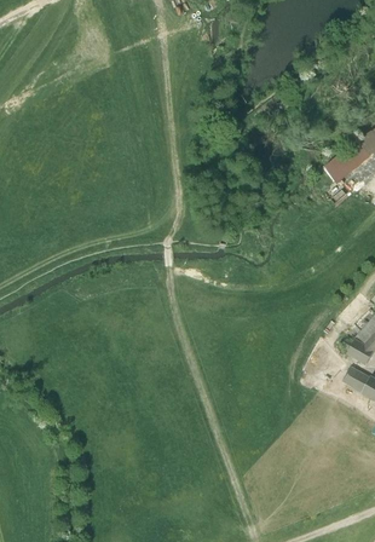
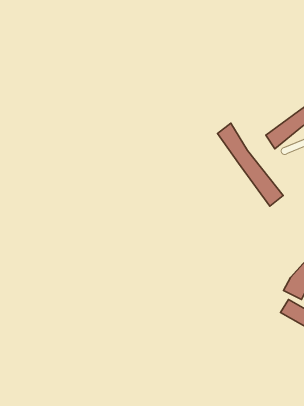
building: none -> [218,123,283,206]

